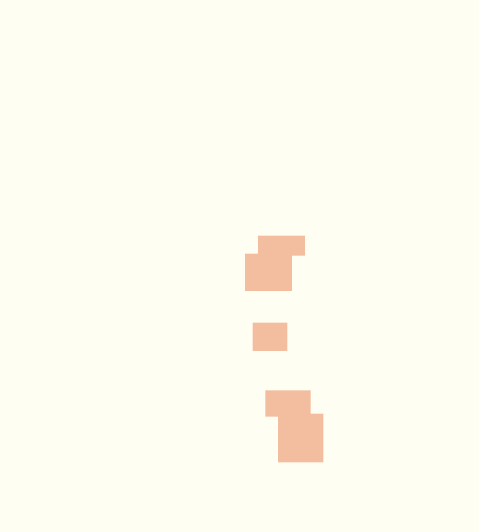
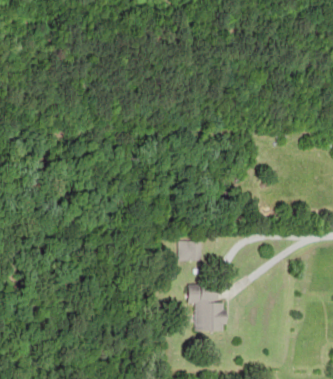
building: [244,235,306,292] -> none

